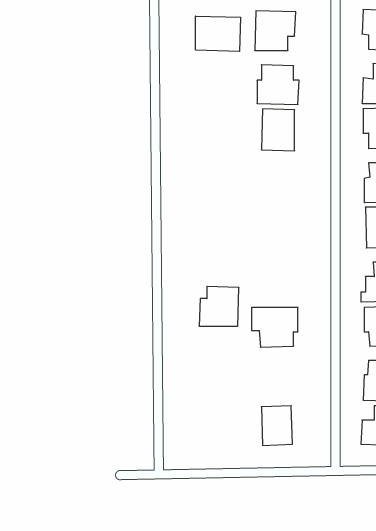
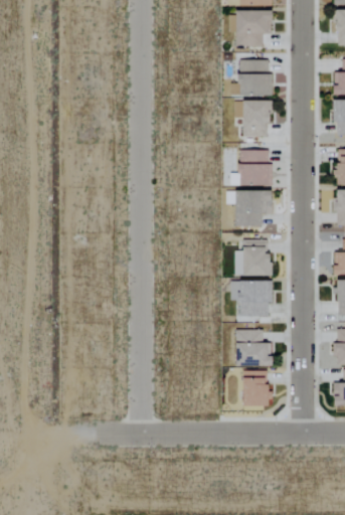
building: [196,16,241,51] -> none
building: none -> [236,149,274,186]
building: none -> [234,190,272,226]
building: [199,286,239,326] -> [235,239,272,276]
building: none -> [234,329,272,367]

